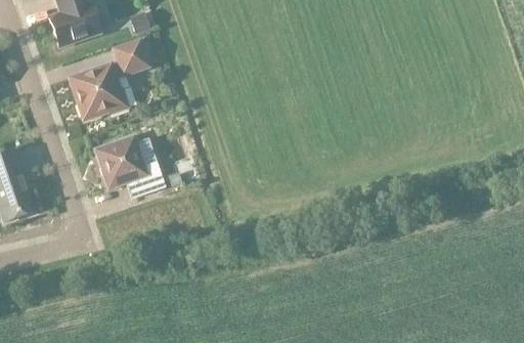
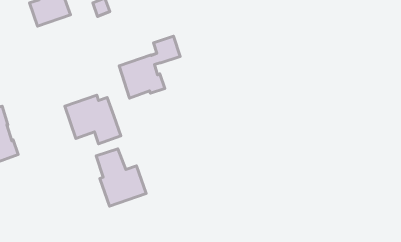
building: [71,39,148,118] -> [119,36,180,98]
building: none -> [96,149,146,206]

